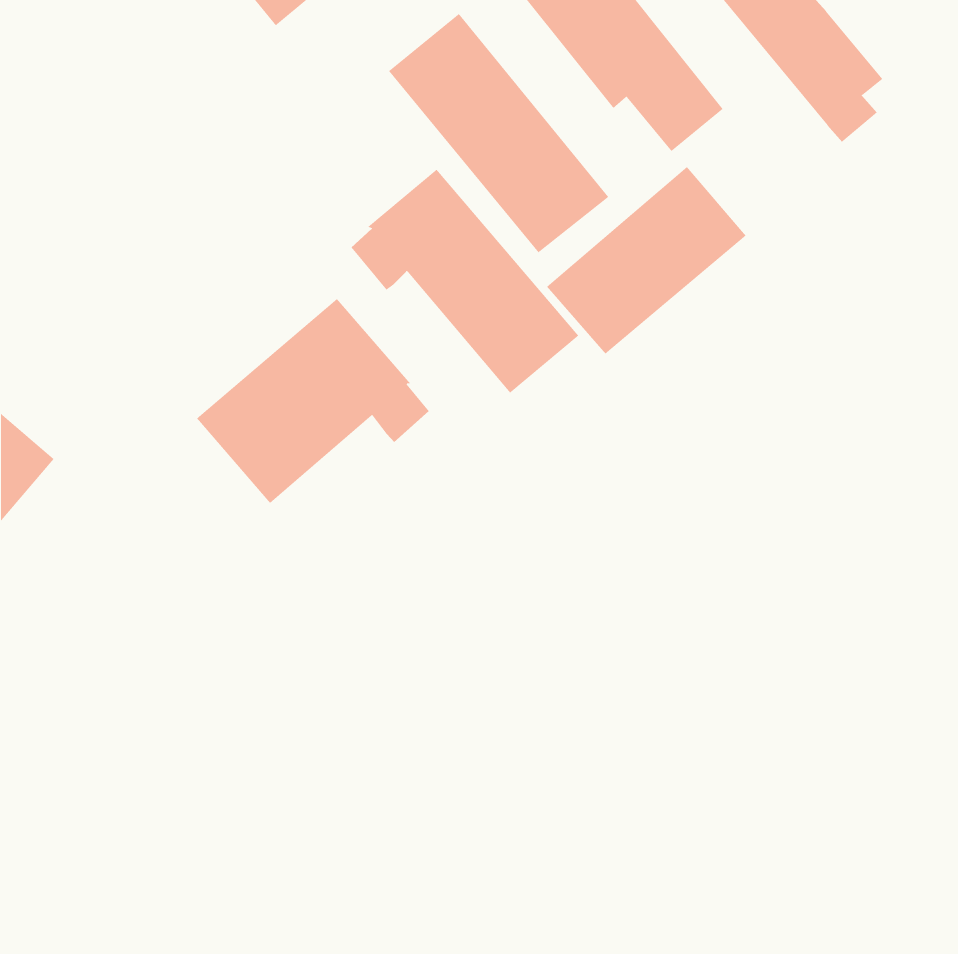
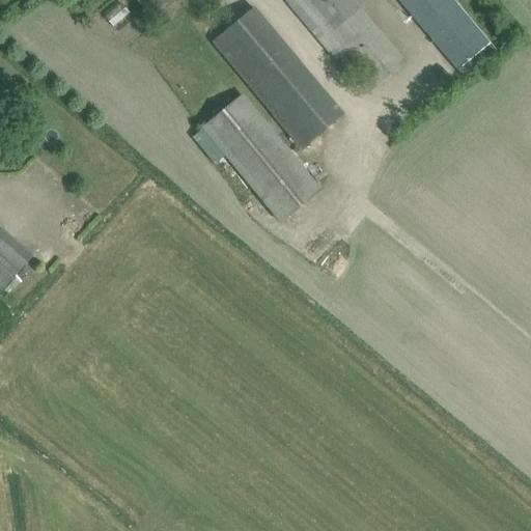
building: [546,166,746,355] -> none
building: [196,298,429,504] -> none

